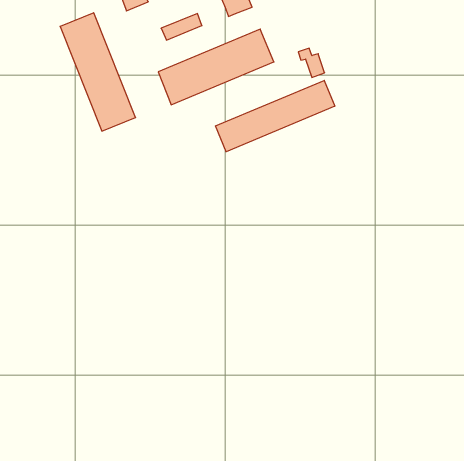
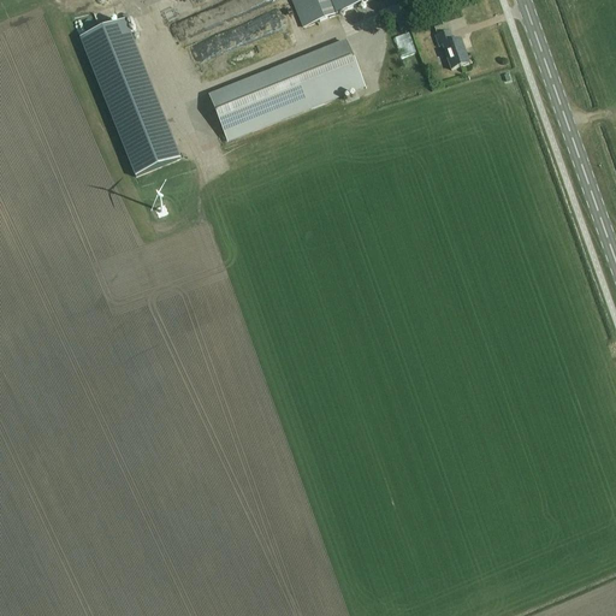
building: [298,48,325,77] -> [433,26,468,65]
building: [215,80,335,152] -> none

